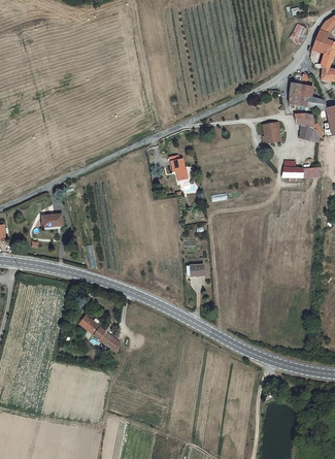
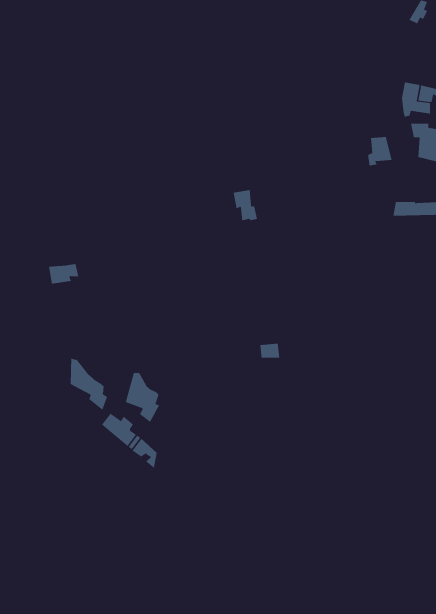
building: none -> [70,358,108,411]
building: none -> [125,371,160,423]

